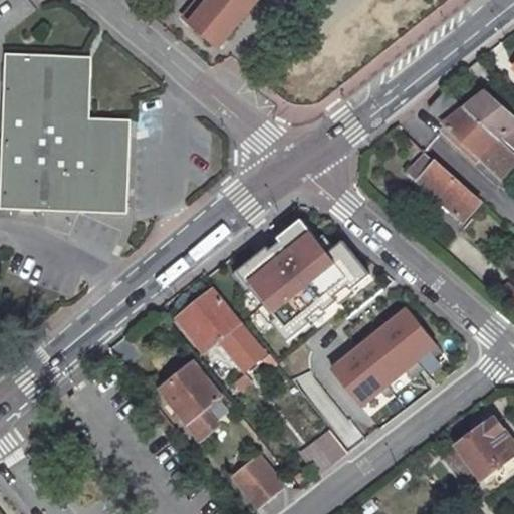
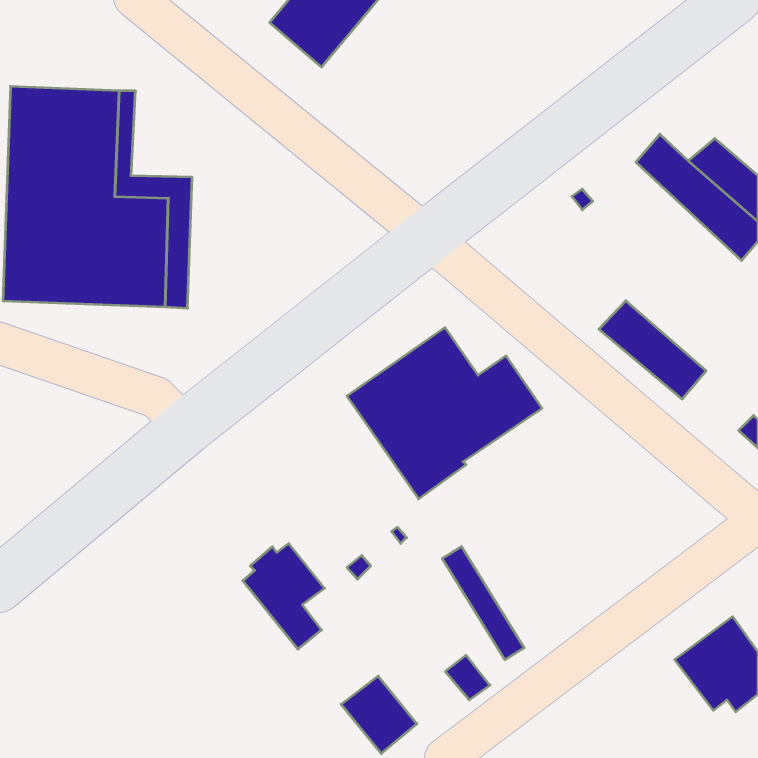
building: [407,154,479,220] -> [599,301,706,399]
building: [183,292,263,368] -> none
building: [325,306,437,411] -> none

